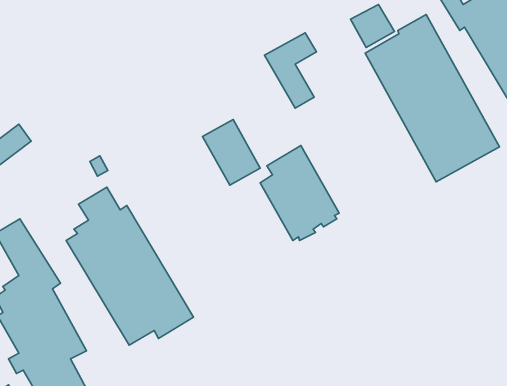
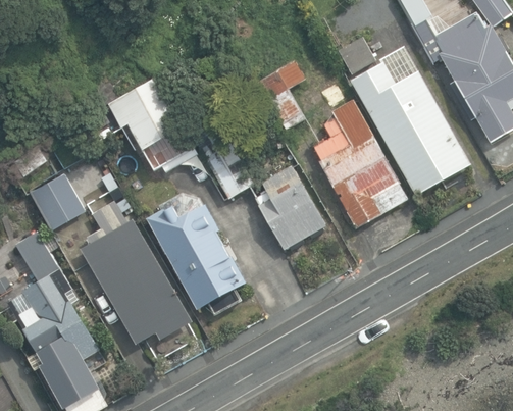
building: none -> [106,76,197,171]
building: none -> [312,98,408,227]
building: none -> [30,172,85,228]
building: none -> [147,199,247,313]

